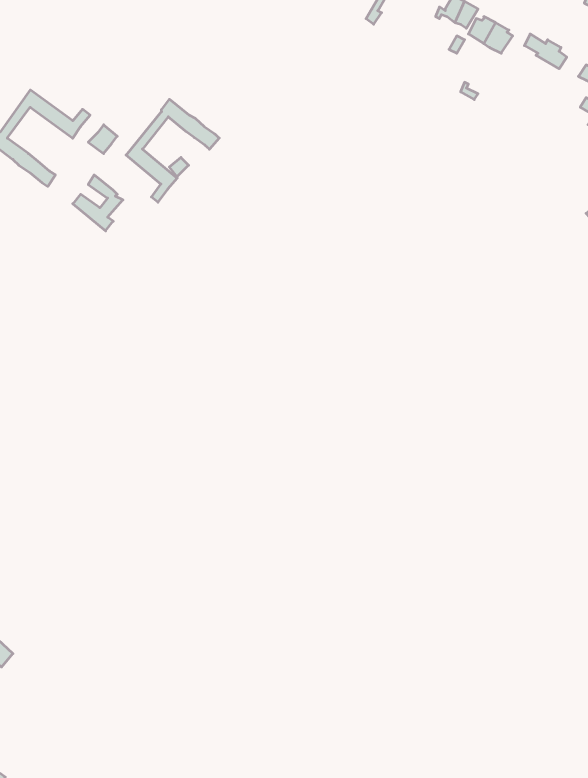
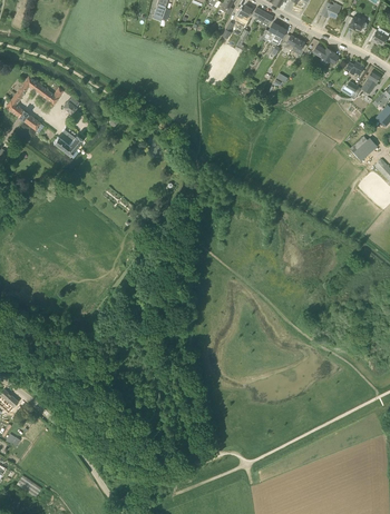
building: [126,99,219,202] -> none

